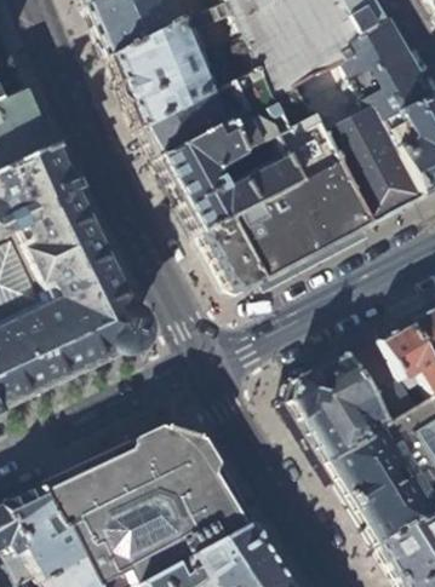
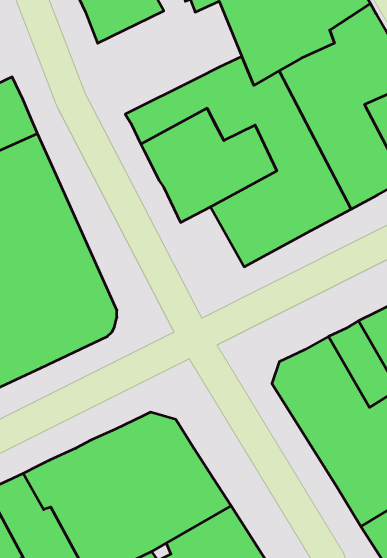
building: [115,21,216,127] -> none
building: [199,220,263,292] -> none

